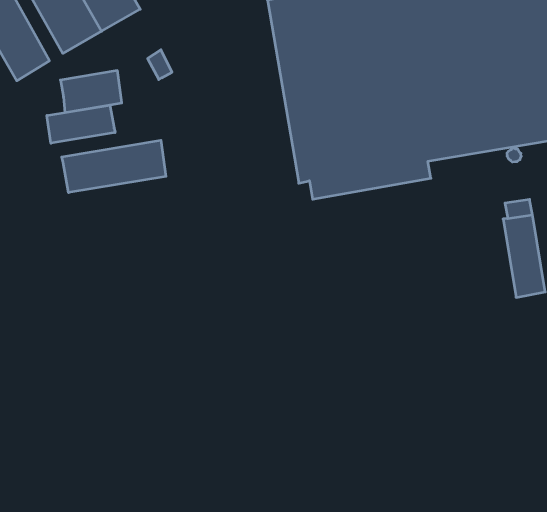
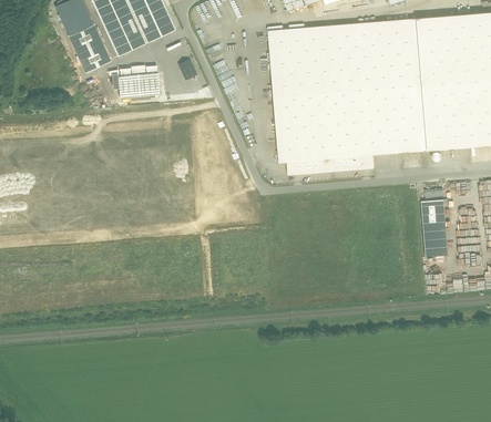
building: [47,105,115,143] -> none
building: [62,140,166,193] -> none

